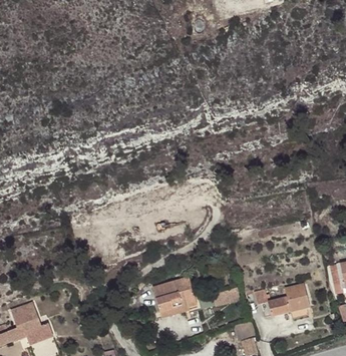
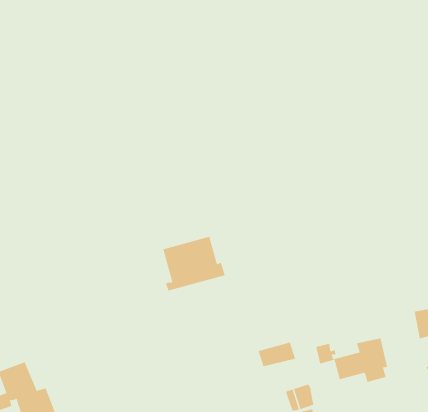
building: [150,277,199,319] -> [162,236,225,291]

